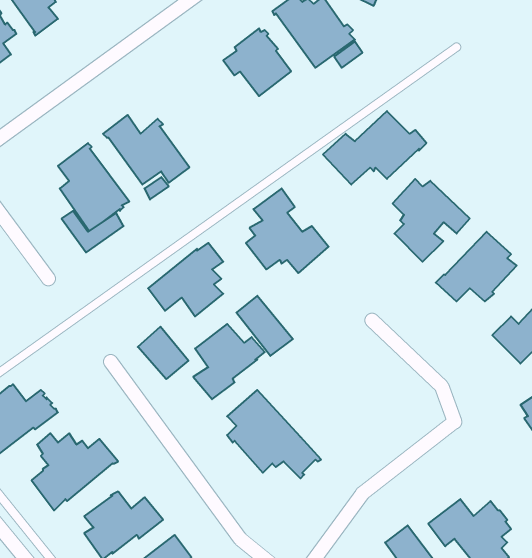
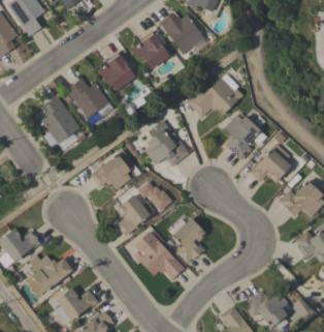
building: none -> [98,53,135,99]
building: [138,327,188,379] -> none
building: none -> [170,217,206,263]

